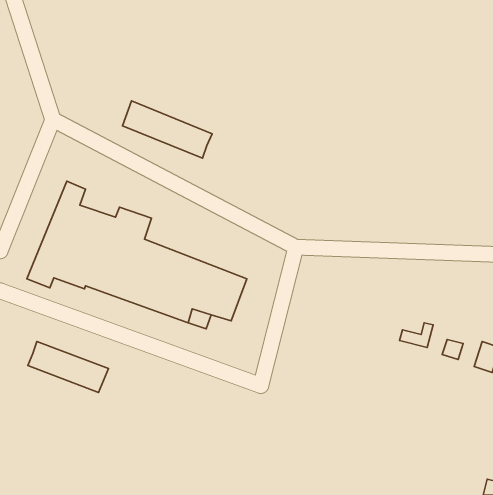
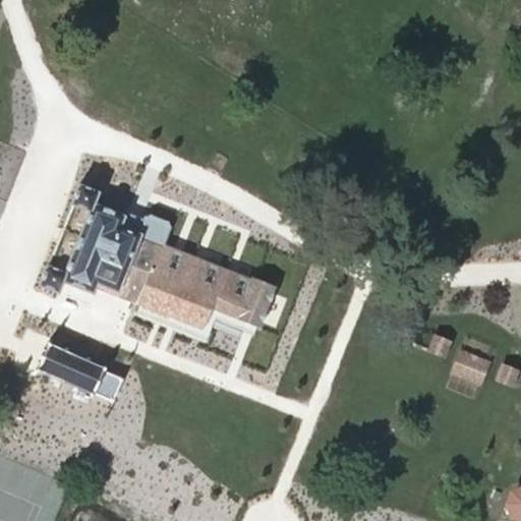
building: [123,101,212,158] -> none

